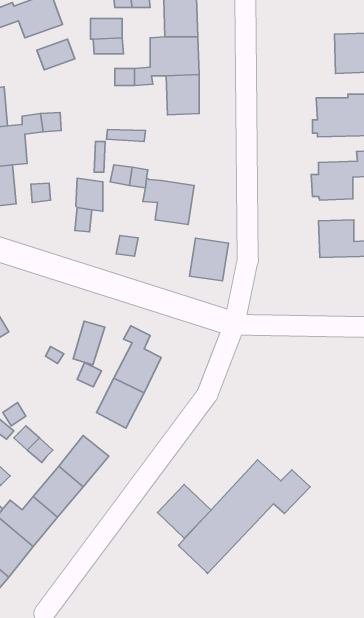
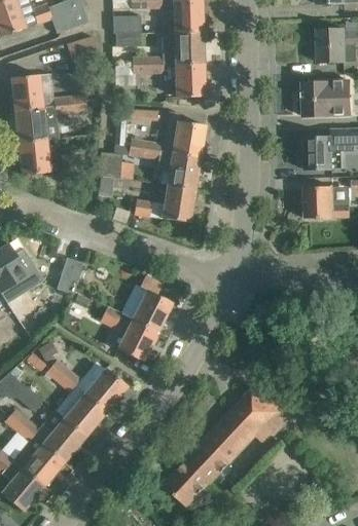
building: none -> [162,120,205,157]
building: [190,238,229,281] -> [162,186,194,222]
building: [73,321,105,365] -> [57,257,83,294]
building: [157,484,211,538] -> [165,461,210,506]

